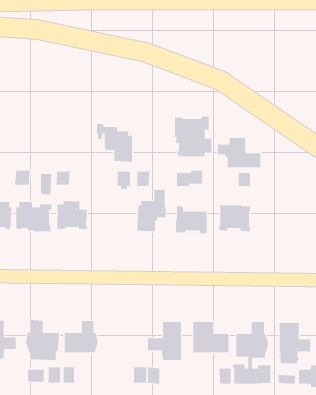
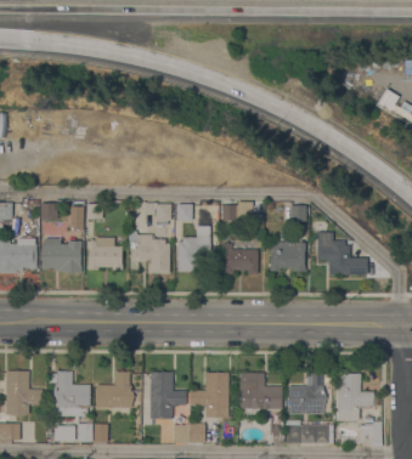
building: [175,116,212,157] -> none
building: [96,123,133,162] -> [129,231,170,274]
building: [217,138,261,168] -> [317,240,367,274]
building: none -> [151,372,186,419]

